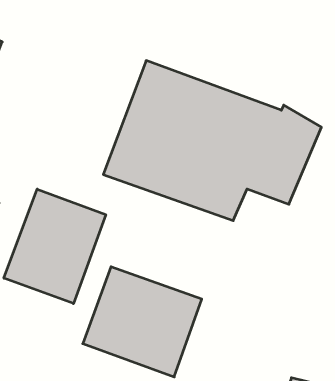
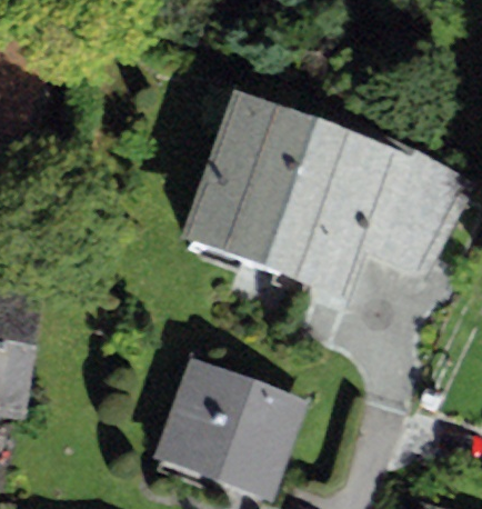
building: [4,189,106,304] -> none

